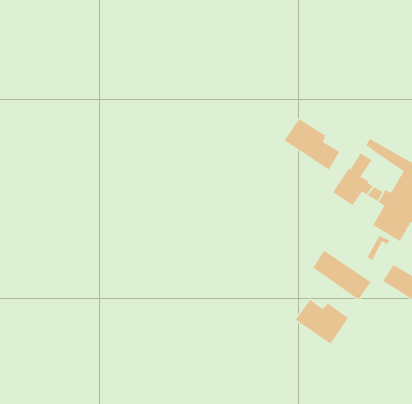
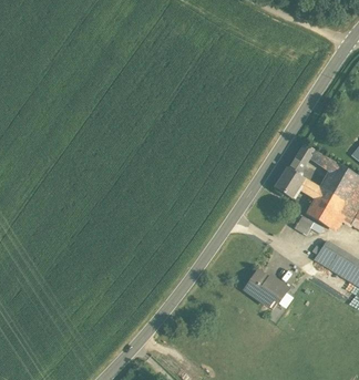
building: [284,118,340,170] -> none
building: [313,250,372,301] -> none

